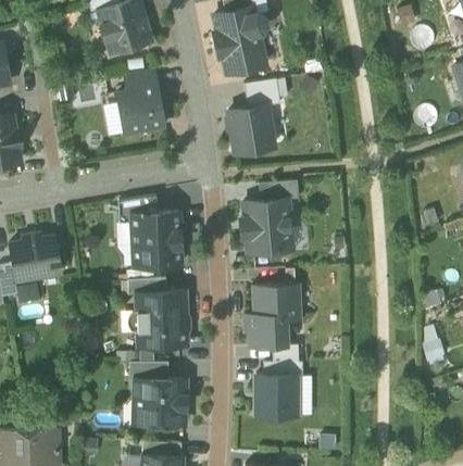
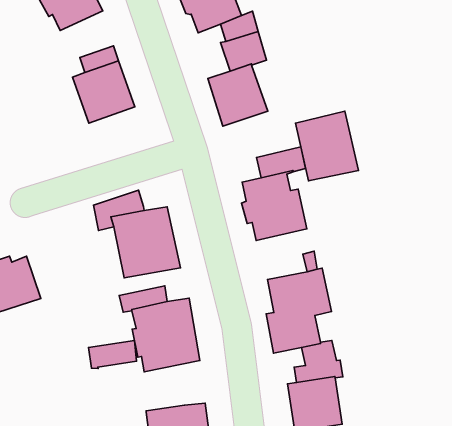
building: none -> [295,111,358,181]
building: [129,363,168,381] -> [88,340,136,368]

